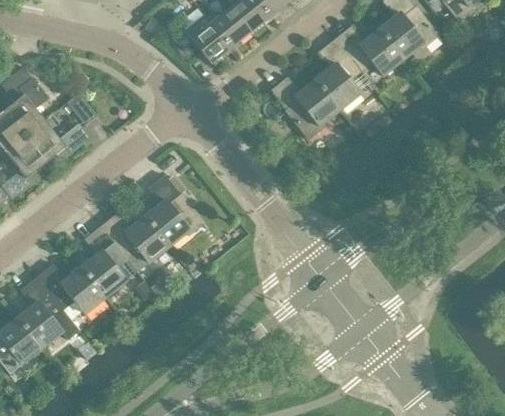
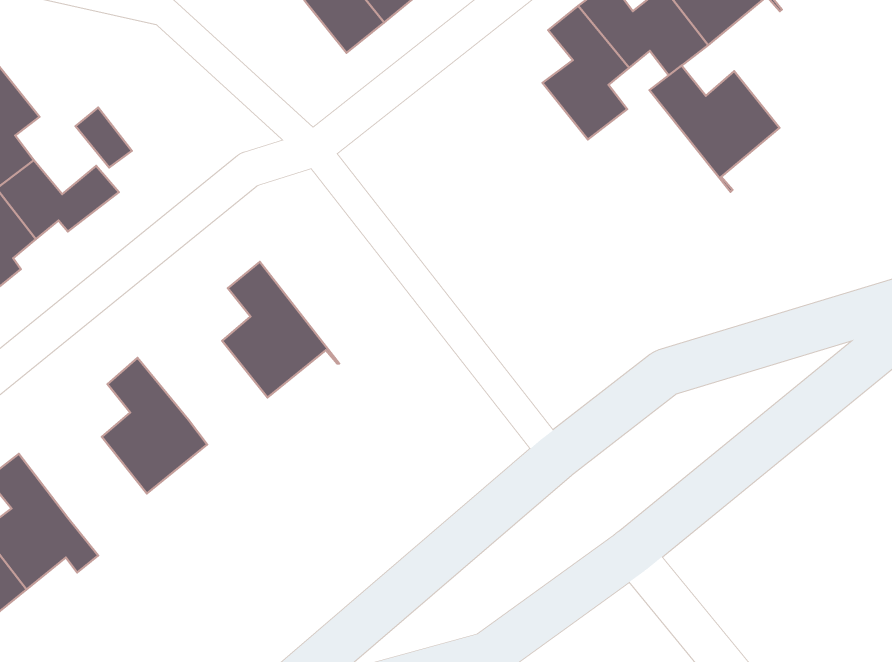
building: [270,76,339,143] -> [649,66,779,192]
building: [100,212,169,271] -> none
building: [37,263,105,313] -> none

